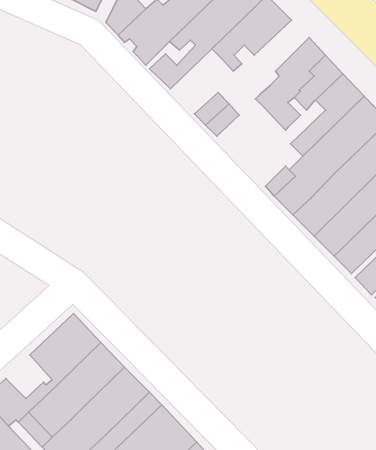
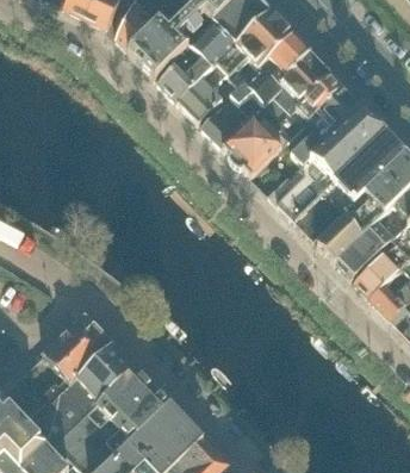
building: none -> [230,35,310,108]
building: none -> [178,62,226,122]
building: none -> [225,113,287,175]

